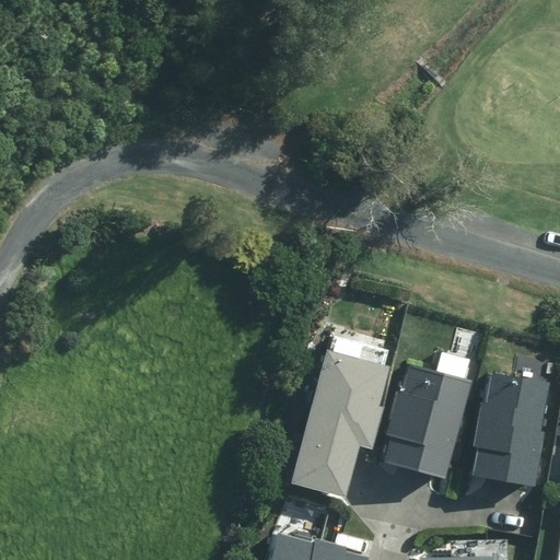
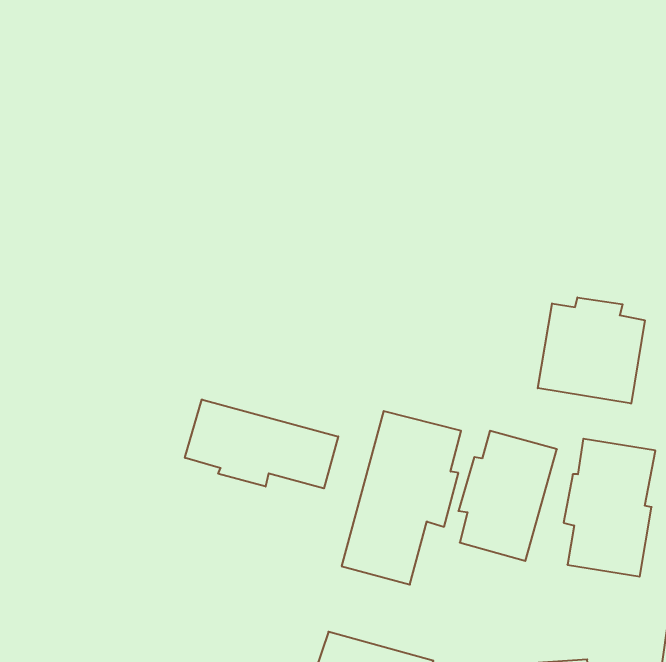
building: none -> [538,297,645,404]
building: none -> [185,399,338,488]

